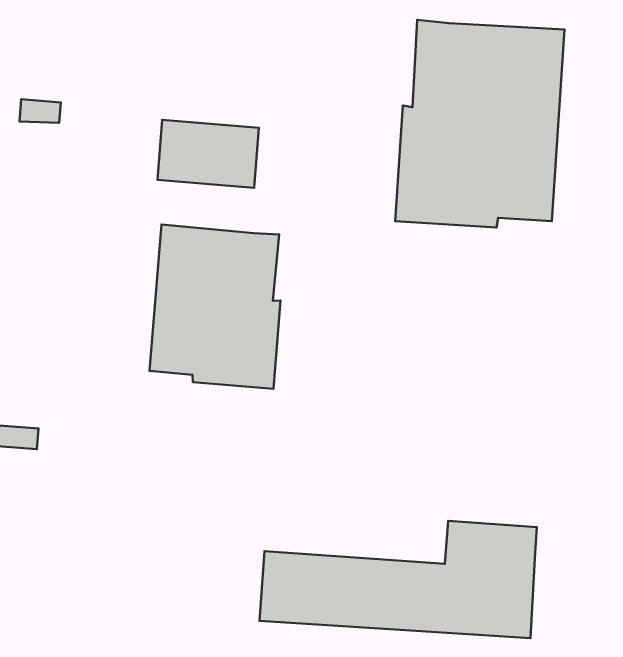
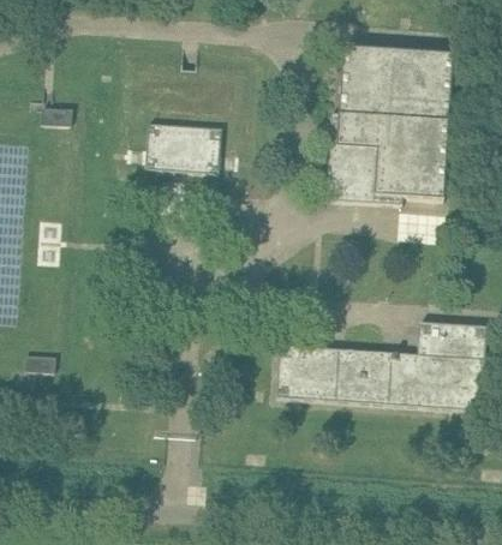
building: [150,225,281,389] -> none
building: [260,521,537,638] -> [276,321,486,409]

